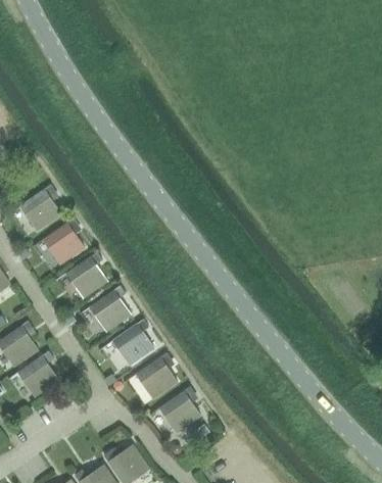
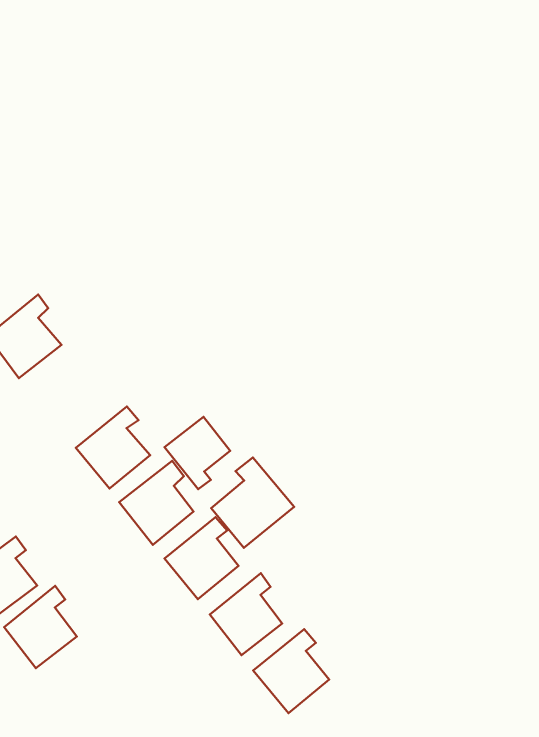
building: [43,220,85,265] -> none
building: none -> [164,417,230,489]
building: none -> [211,457,294,548]

